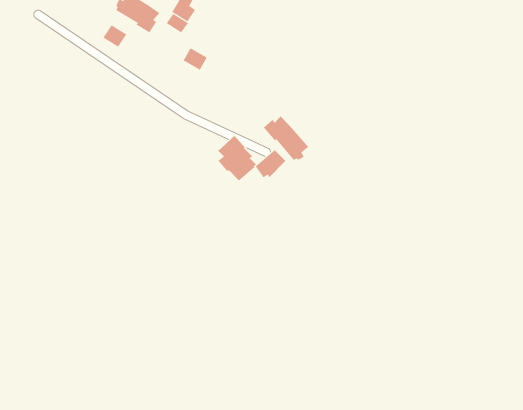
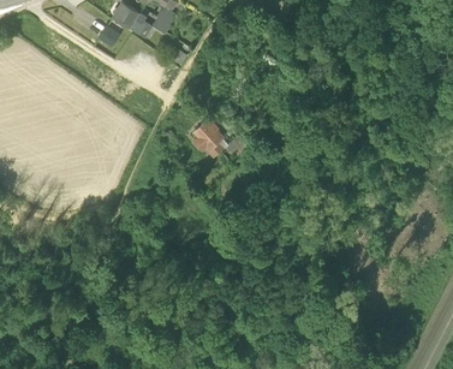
building: [263,115,309,161] -> none

